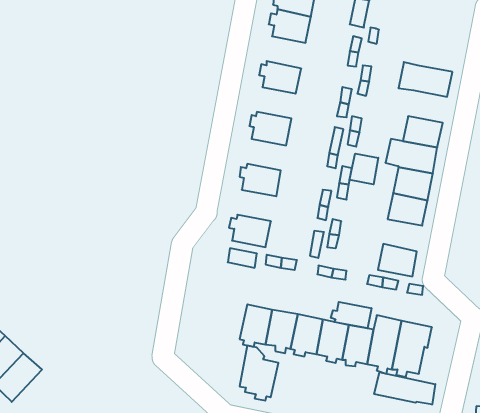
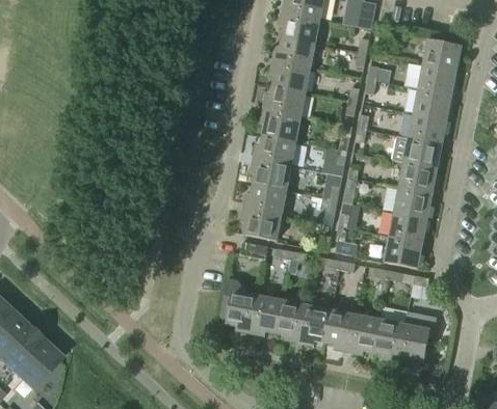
building: none -> [274,37,315,69]
building: none -> [423,38,462,72]
building: none -> [264,86,306,116]
building: none -> [414,89,451,120]
building: none -> [255,136,296,166]
building: [350,154,378,184] -> none
building: none -> [245,185,287,215]
building: none -> [390,213,427,244]
building: [331,302,371,328] -> none
building: [240,345,278,401] -> [221,278,259,331]
building: [374,372,435,405] -> none

